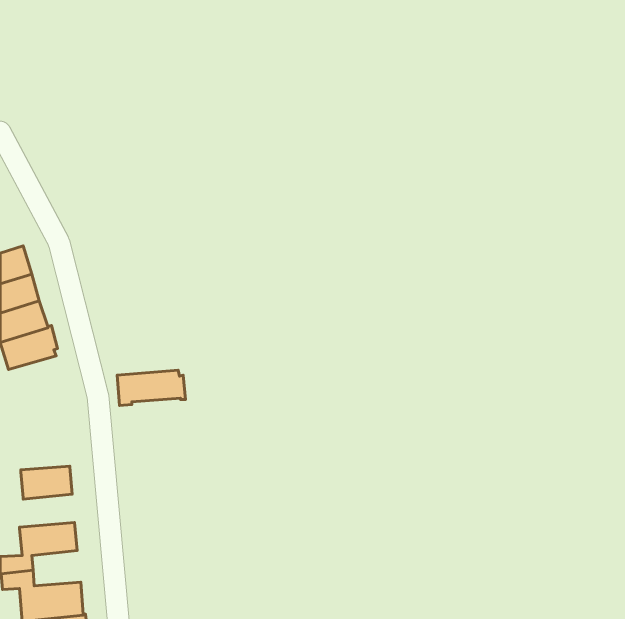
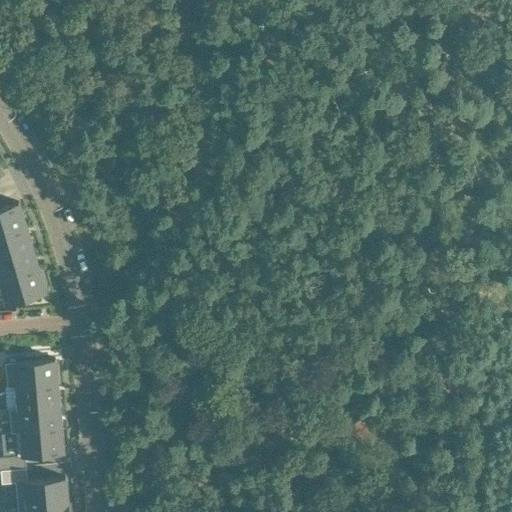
building: [117,370,186,406] -> [5,363,61,392]
building: none -> [9,409,61,437]

